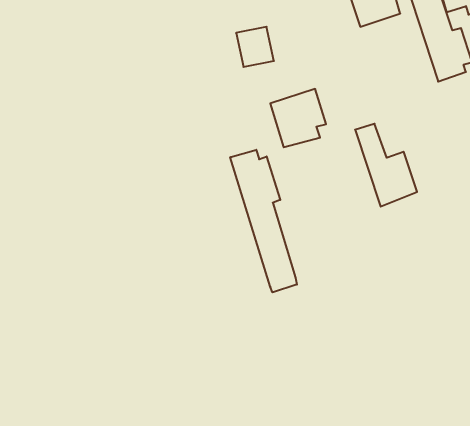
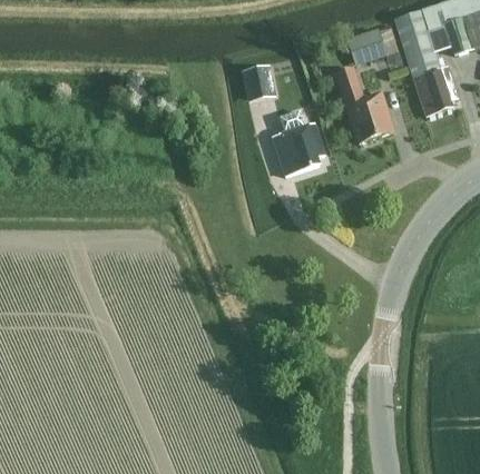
building: [355,124,417,207] -> [335,67,392,142]
building: [230,150,297,292] -> none

